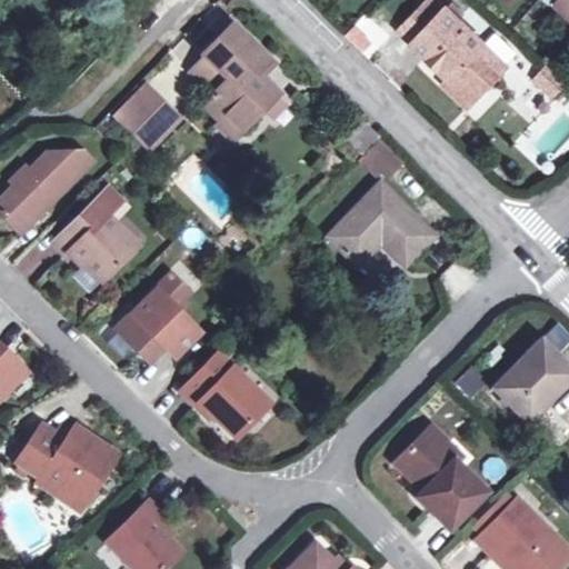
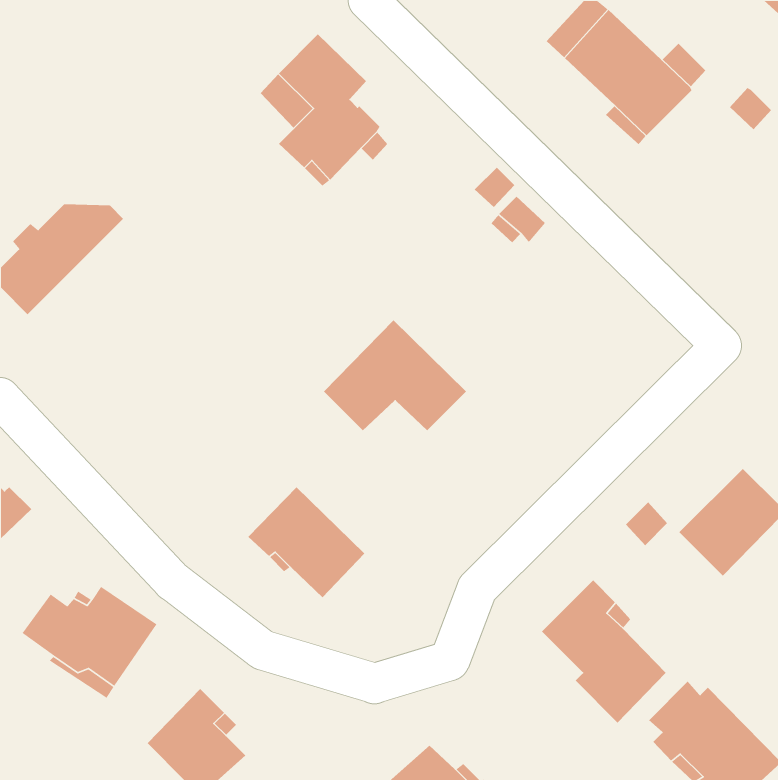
building: [118,88,180,150] -> none
building: [329,183,433,264] -> [323,320,467,431]
building: [54,189,138,280] -> none
building: [118,274,198,362] -> none

